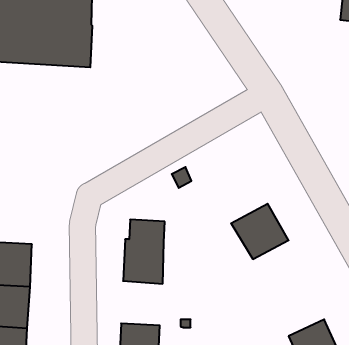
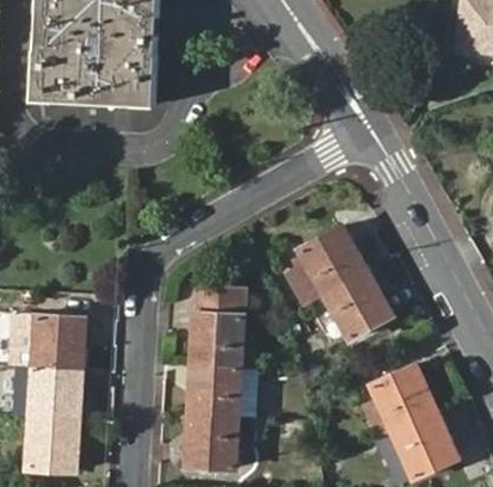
building: none -> [292,222,368,302]
building: none -> [191,363,257,417]
building: none -> [372,365,436,430]

